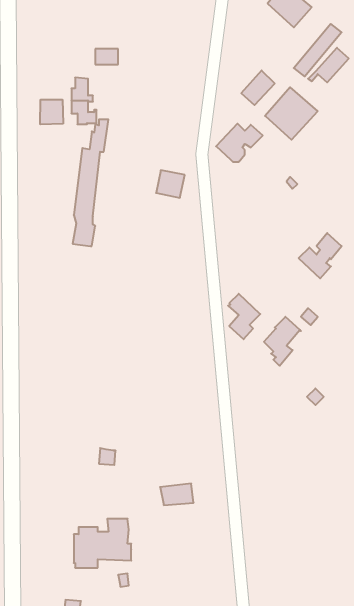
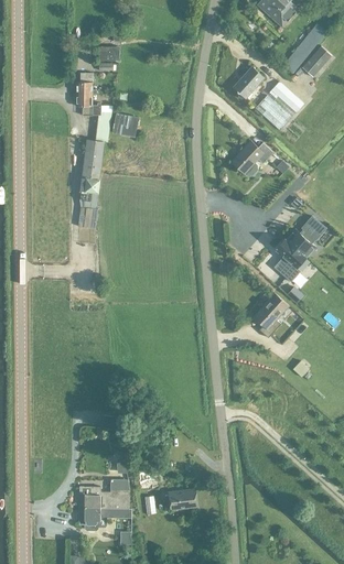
building: [40,100,63,124] -> none
building: [216,124,263,162] -> [230,141,273,176]
building: [156,170,185,198] -> [111,112,138,138]
building: [228,294,260,339] -> [276,239,305,281]
building: [160,484,194,505] -> [166,489,197,509]

